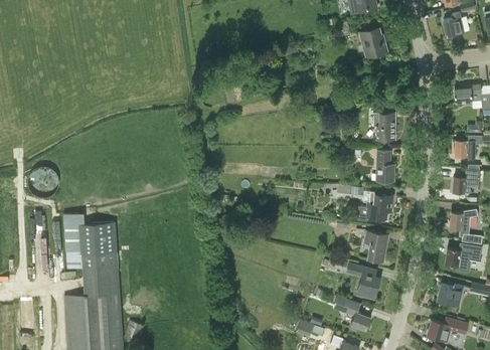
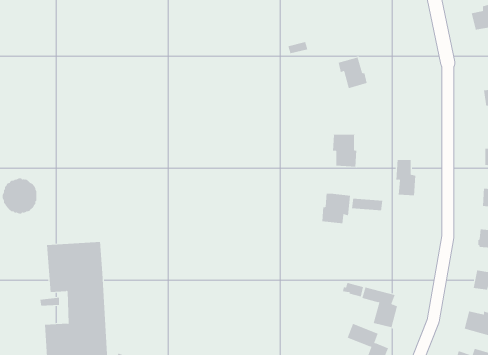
building: [361,27,387,55] -> [338,57,367,89]
building: [372,111,398,140] -> [331,134,361,167]
building: [366,192,392,219] -> [321,193,351,224]
building: [364,229,388,261] -> none

